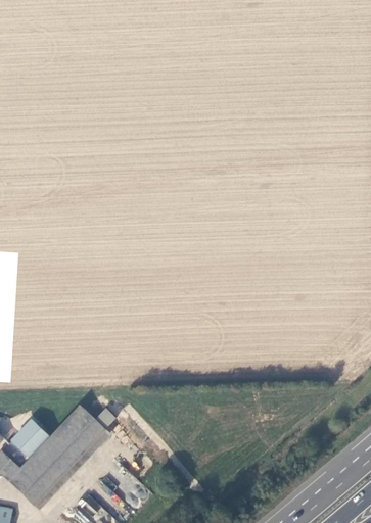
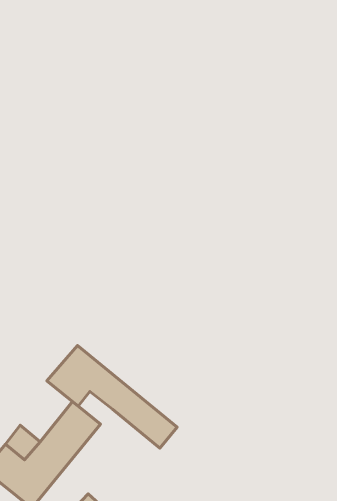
building: none -> [47,345,177,448]

